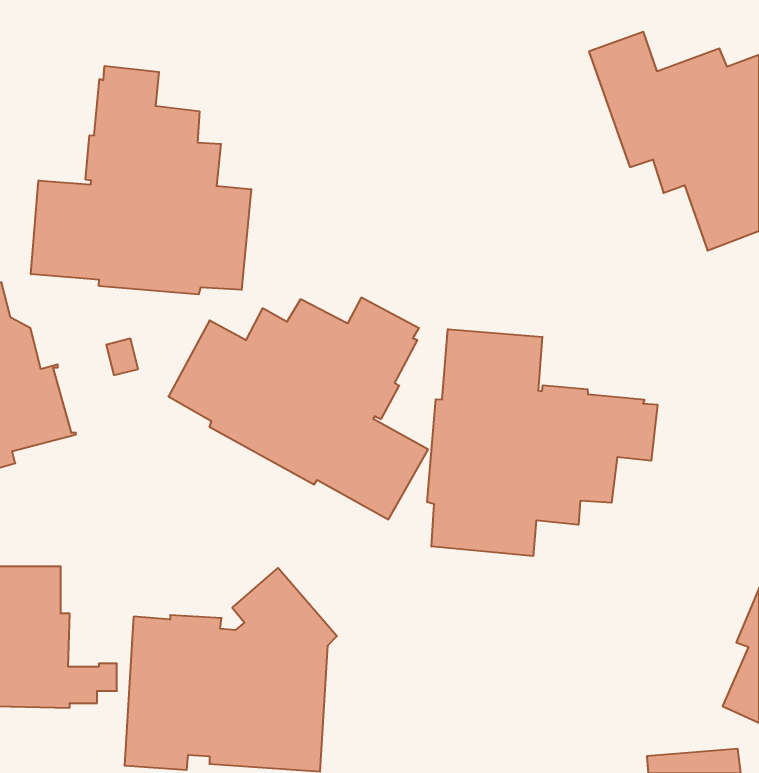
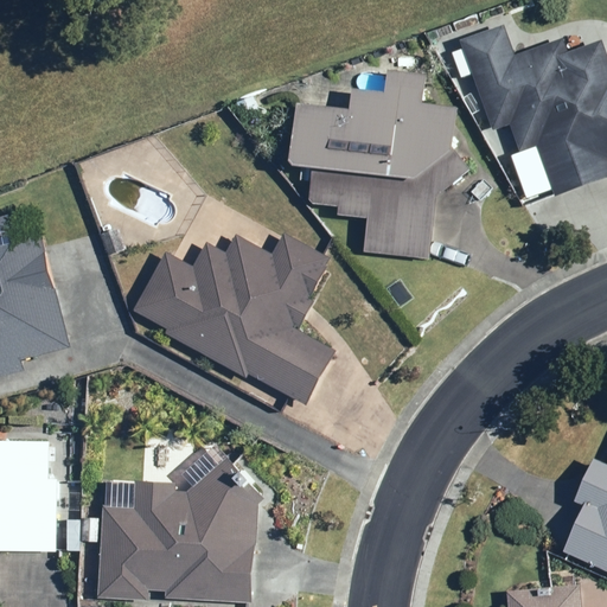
building: [31,66,251,294] -> none
building: none -> [299,71,471,257]
building: [427,329,657,556] -> none

